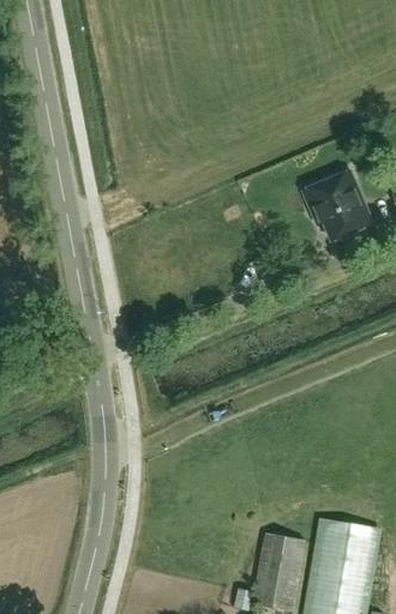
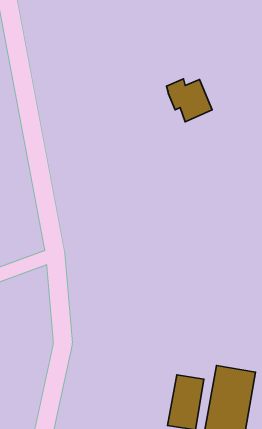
building: [306,179,371,240] -> [167,79,212,122]

